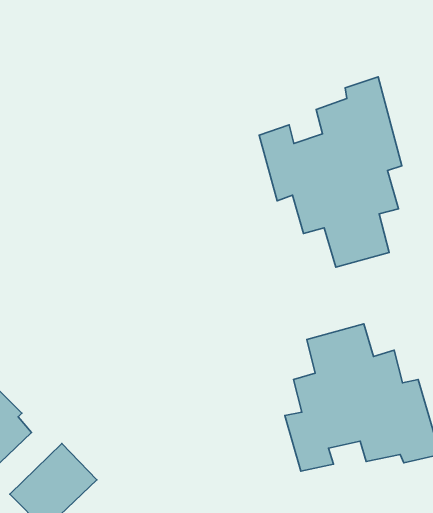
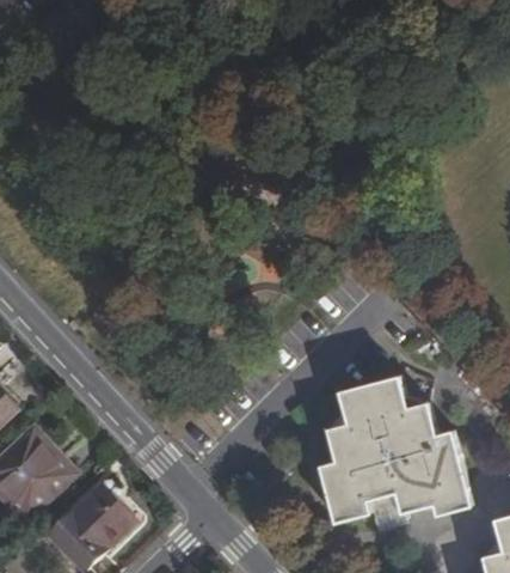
building: [259,77,402,267] -> none

